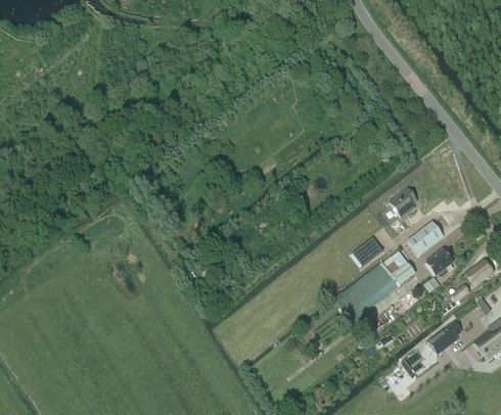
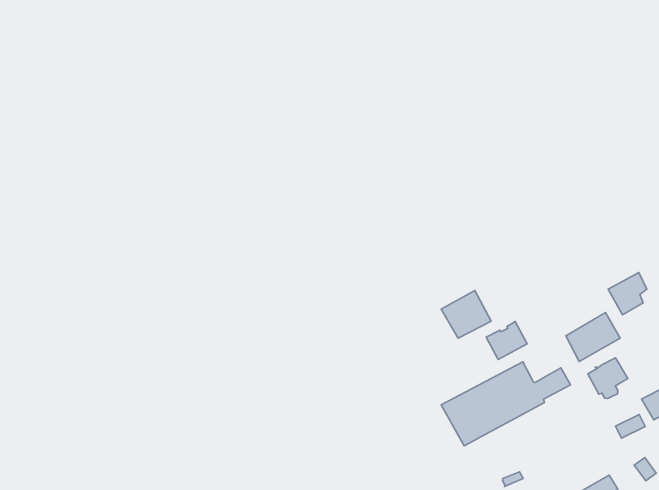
building: [391,186,416,216] -> [608,272,647,315]
building: none -> [441,291,491,338]

